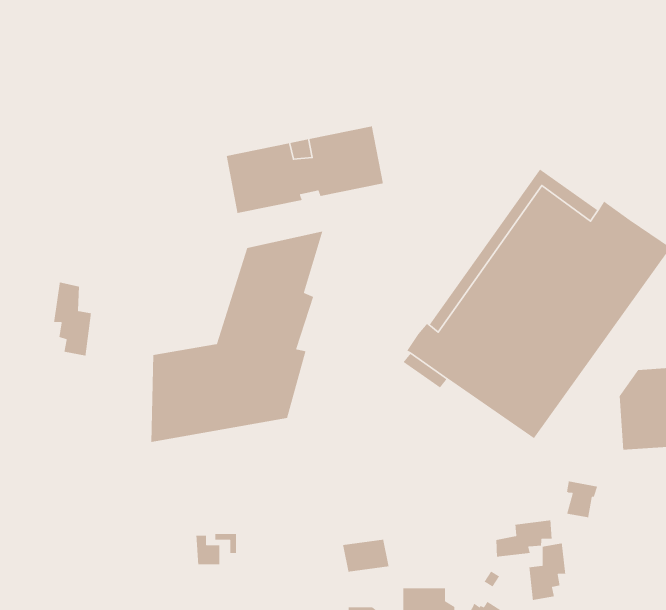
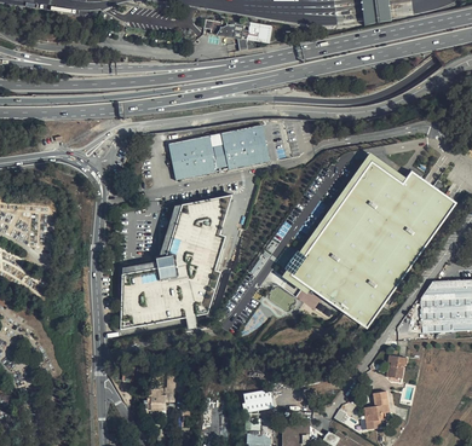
building: [53,282,92,357] -> none
building: [496,520,552,558] -> none

